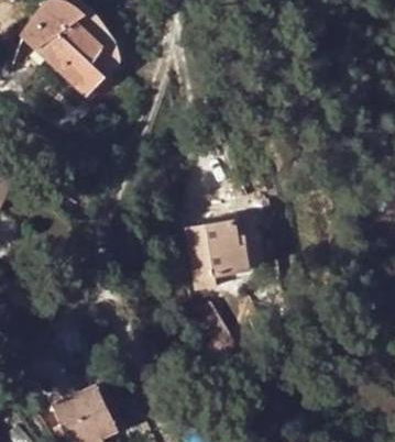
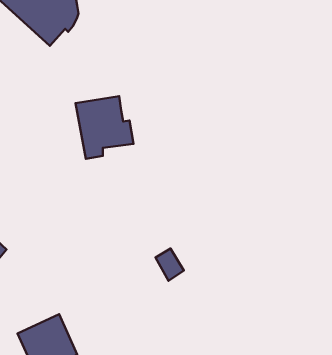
building: [187,222,250,290] -> [76,96,133,159]

